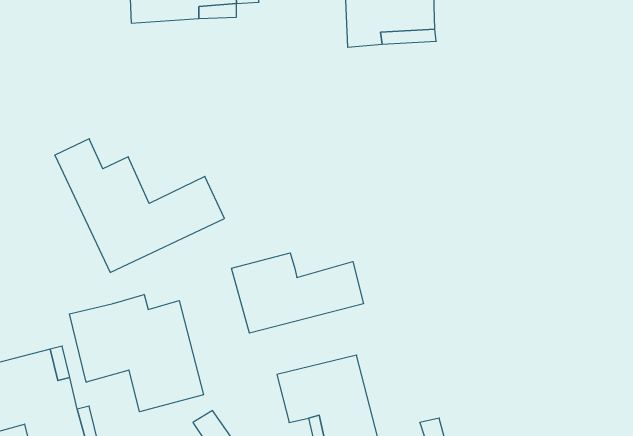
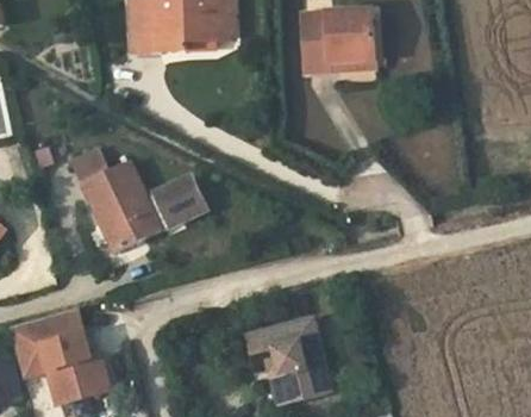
building: [232,253,363,333] -> none
building: [69,294,204,412] -> none

